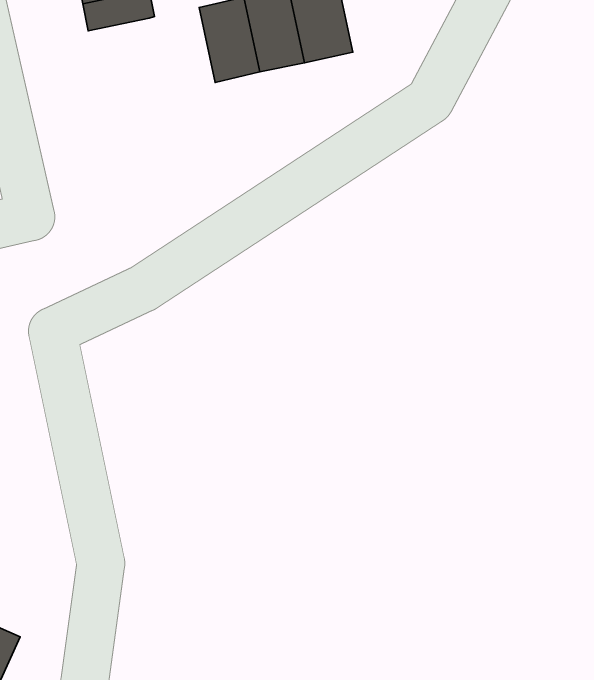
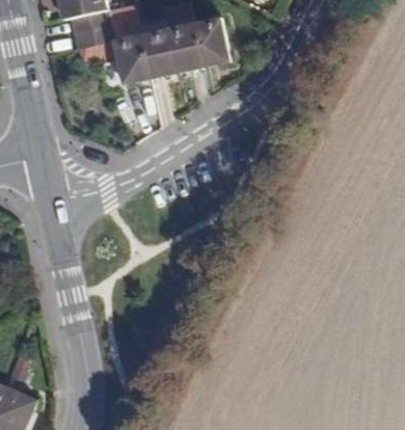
building: none -> [111,34,150,84]

